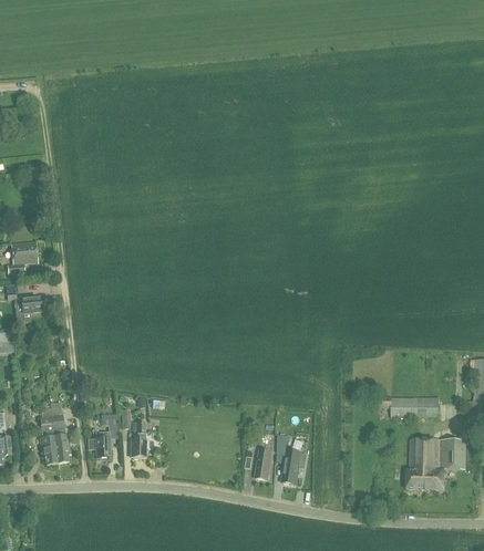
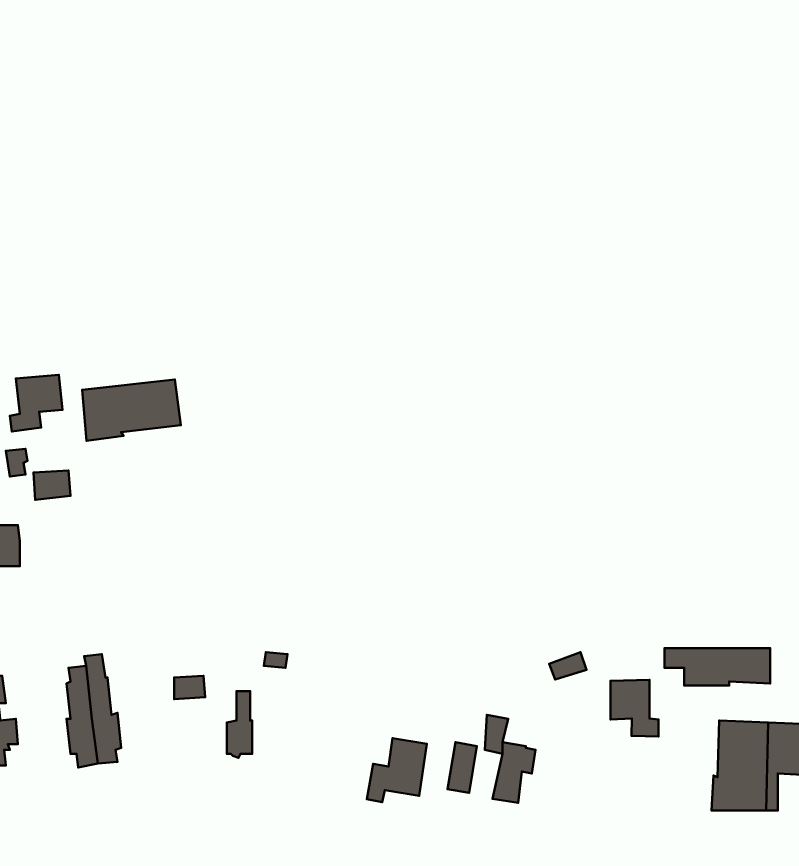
building: none -> [82,380,181,441]
building: none -> [611,680,659,737]
building: [87,432,110,460] -> none
building: none -> [367,738,427,802]

